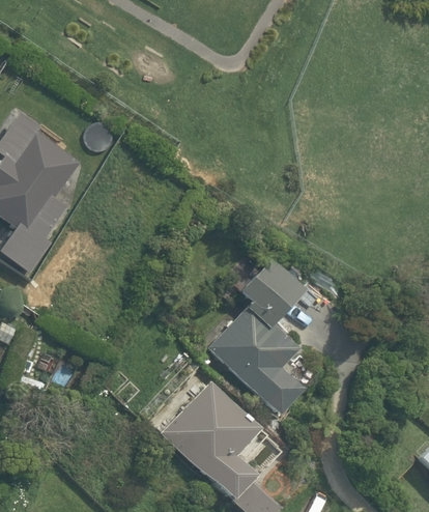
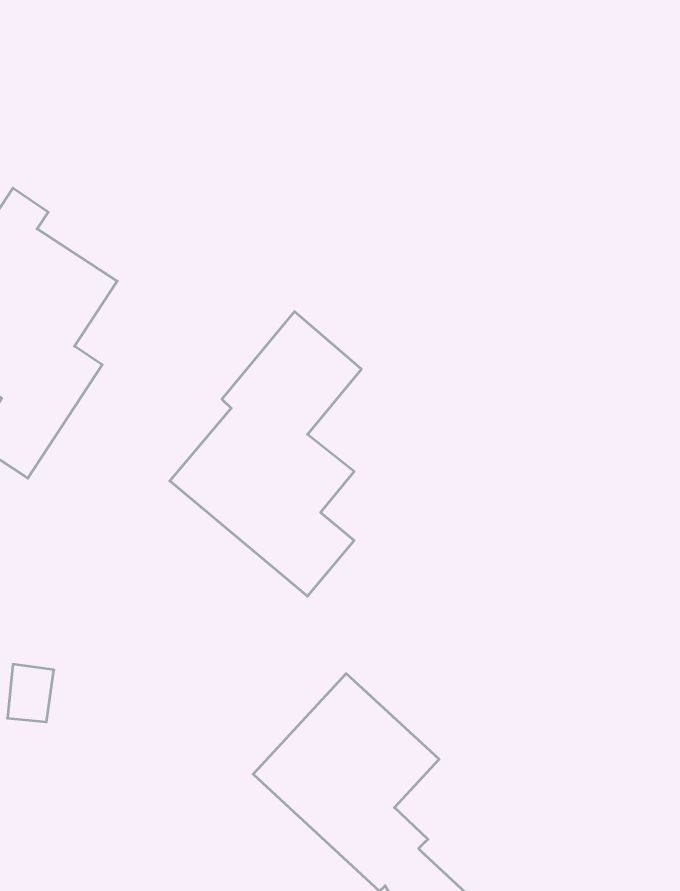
building: [203,256,310,415] -> [170,312,361,596]

